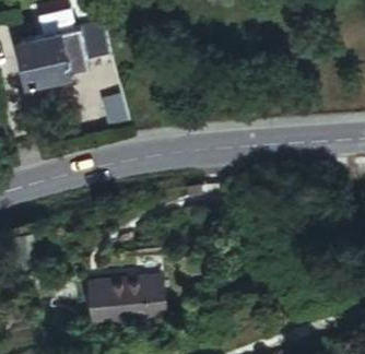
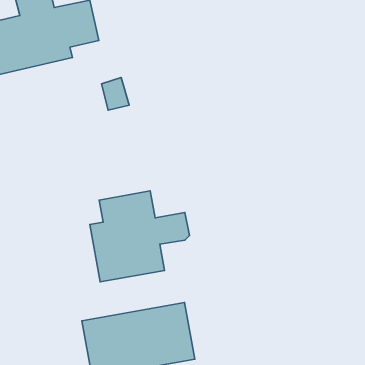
building: none -> [90,191,189,282]

